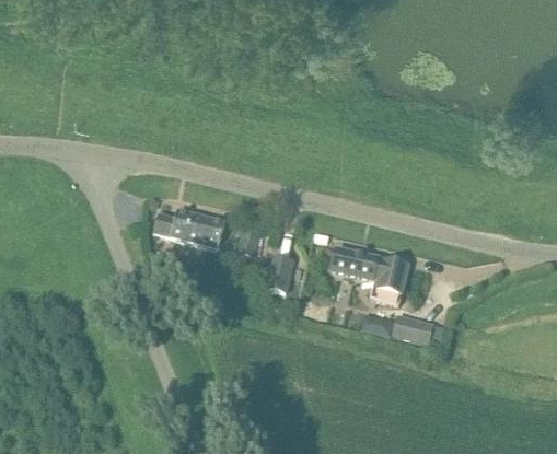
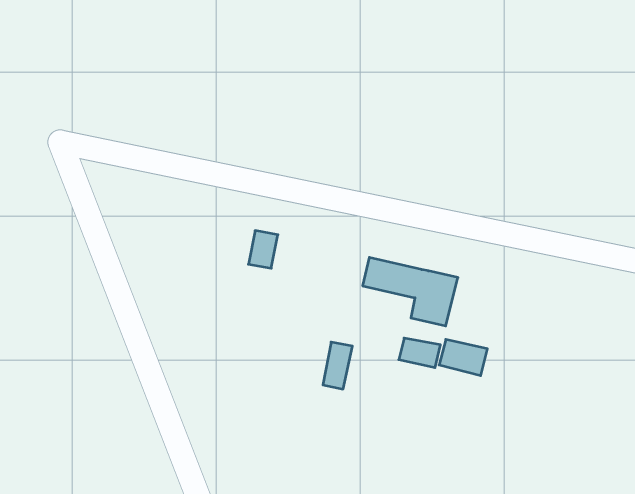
building: [153,208,224,247] -> none
building: [268,255,292,293] -> [323,342,352,389]

